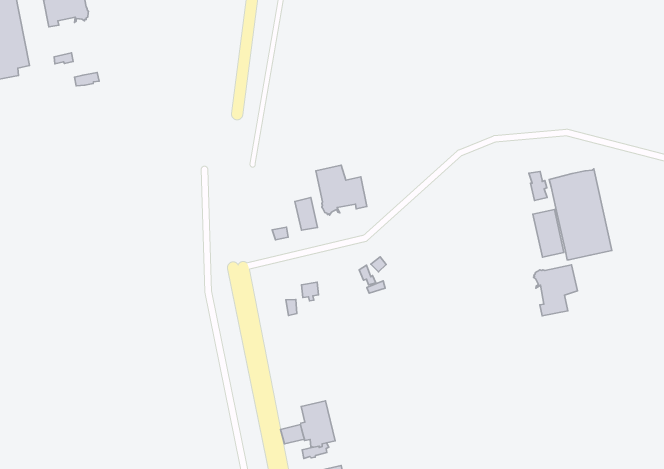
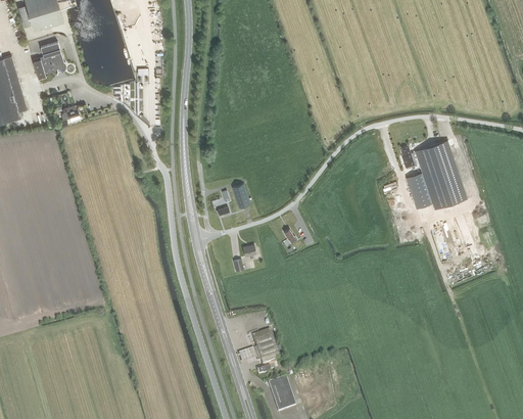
building: [316,165,367,215] -> none
building: [533,265,577,316] -> none

